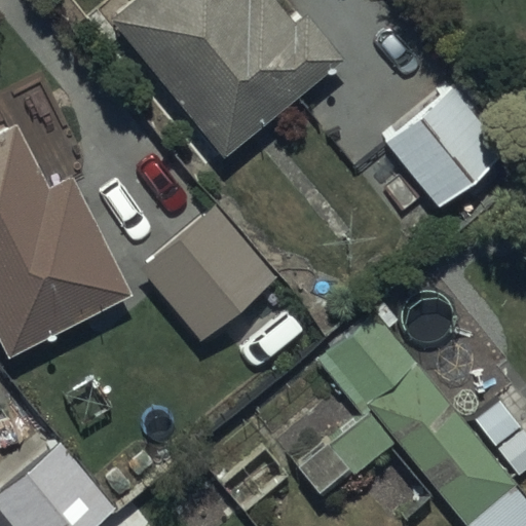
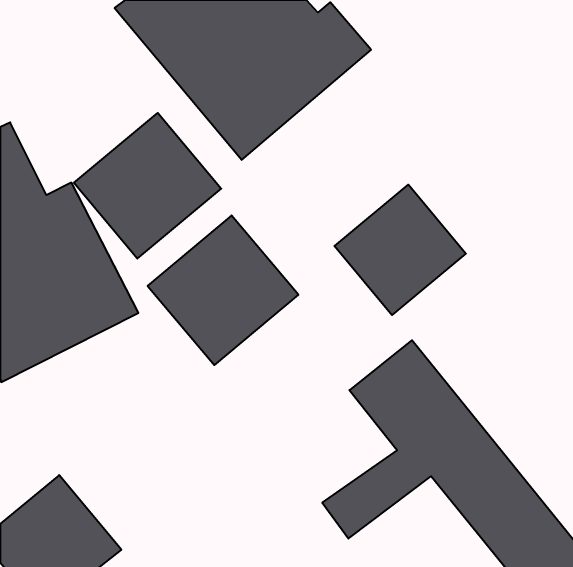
building: [381,88,500,206] -> [334,185,466,315]
building: none -> [74,113,221,259]

